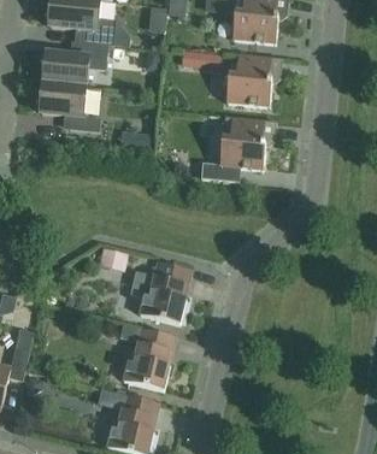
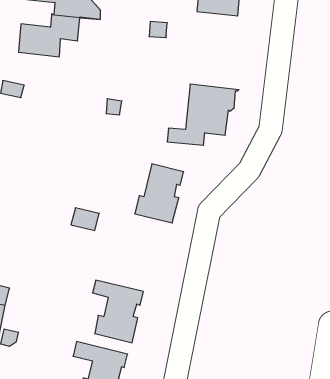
building: [225,52,282,106] -> none
building: [39,81,99,130] -> none
building: [139,260,190,323] -> [135,164,184,223]

